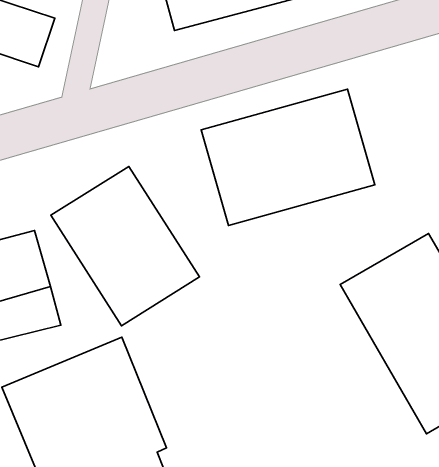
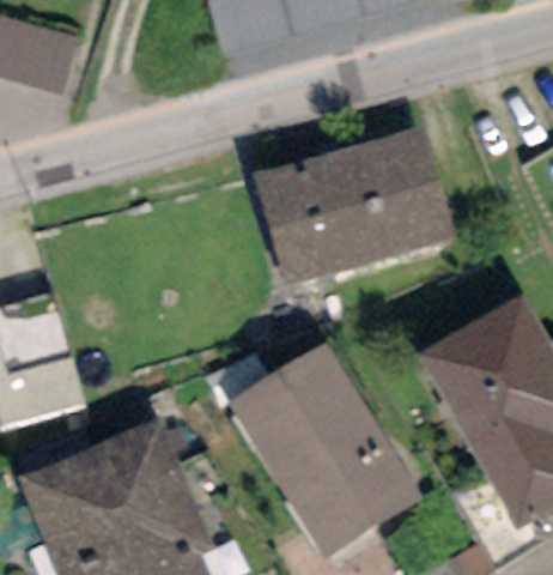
building: [51,166,199,326] -> none
building: none -> [227,341,425,559]

